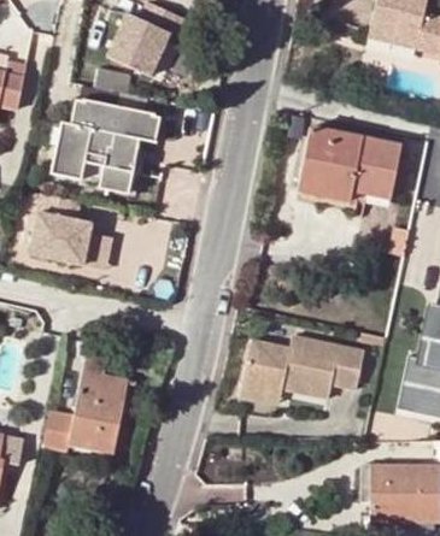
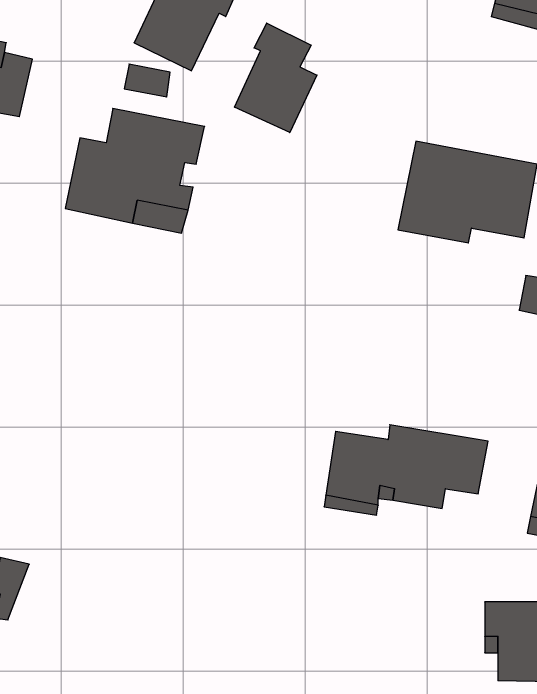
building: none -> [235,23,317,133]
building: [29,193,90,265] -> none
building: [43,357,129,453] -> none

